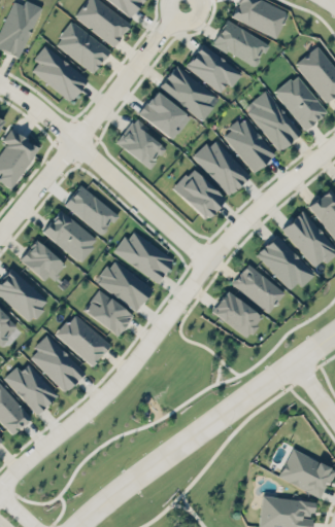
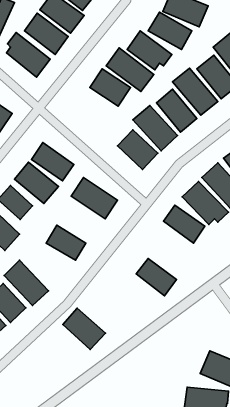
building: [115,118,166,171] -> none
building: [96,259,153,312] -> none
building: [211,292,263,340] -> [136,258,177,296]
building: [56,314,110,366] -> [63,308,106,349]

